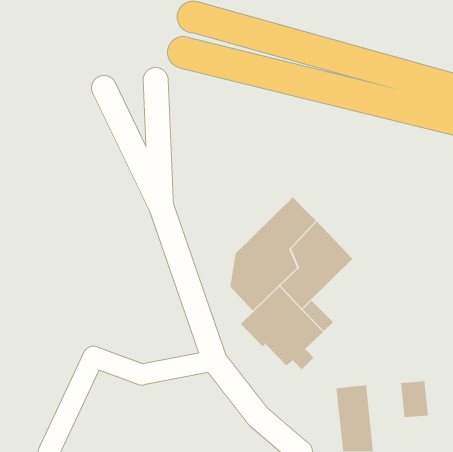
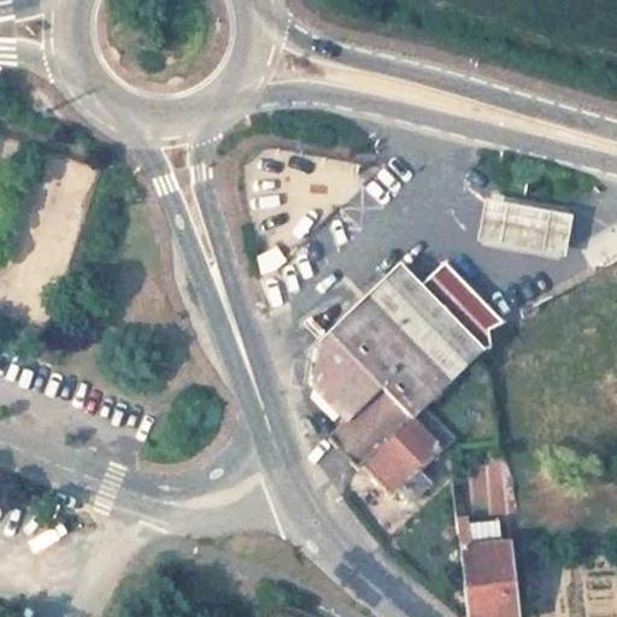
building: none -> [490,198,590,257]
building: none -> [419,264,500,351]
building: [400,381,429,418] -> [475,459,513,510]

